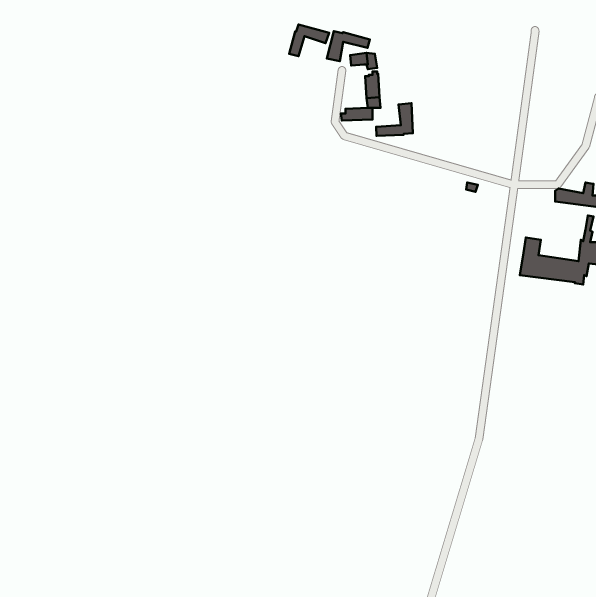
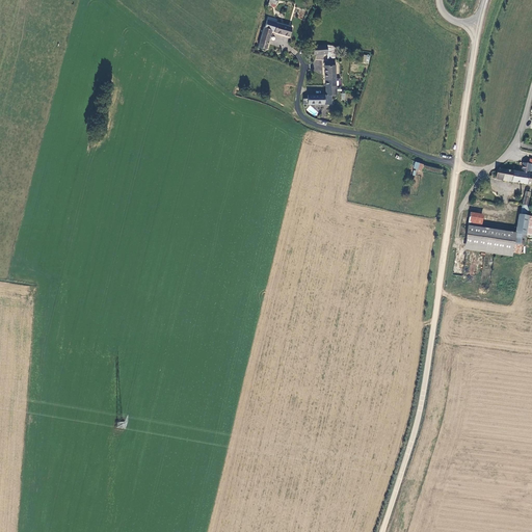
building: [327,31,370,61] -> none
building: [376,103,413,136] -> none

